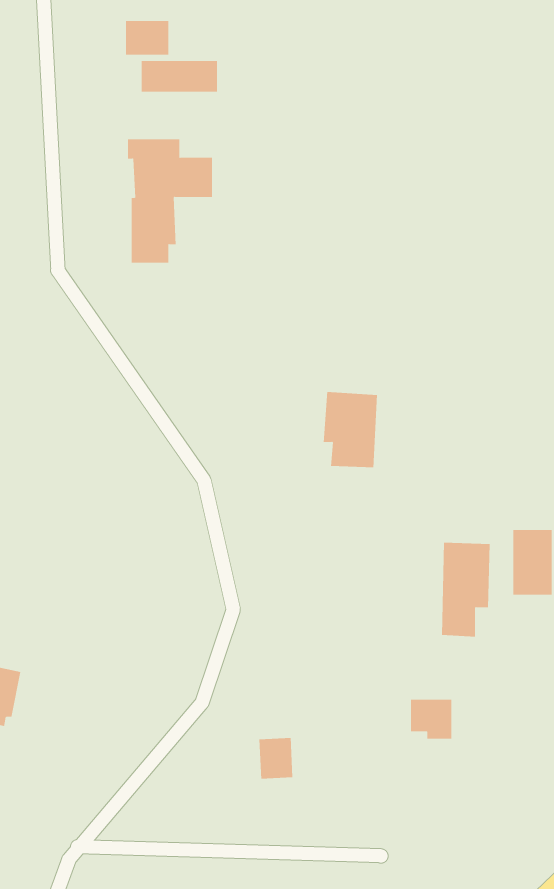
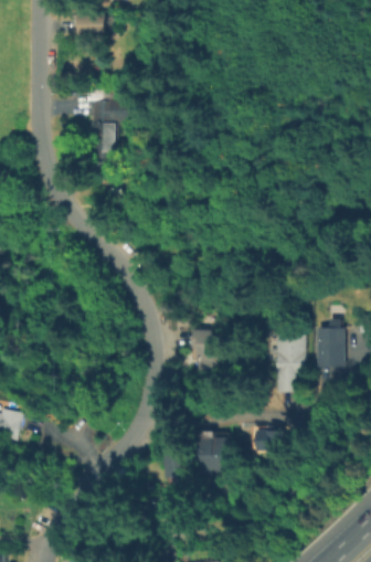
building: [141,60,218,93] -> none
building: [323,391,378,468] -> [190,329,223,375]
building: none -> [199,437,223,473]

